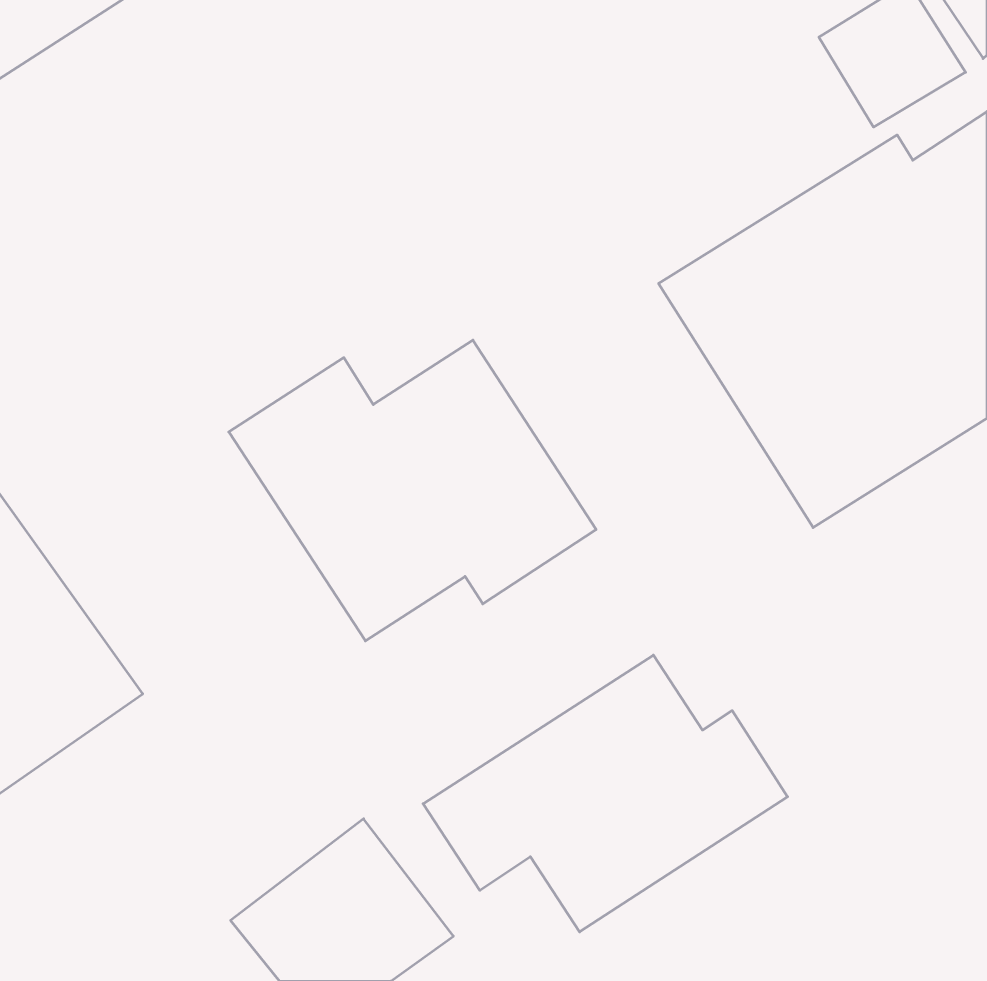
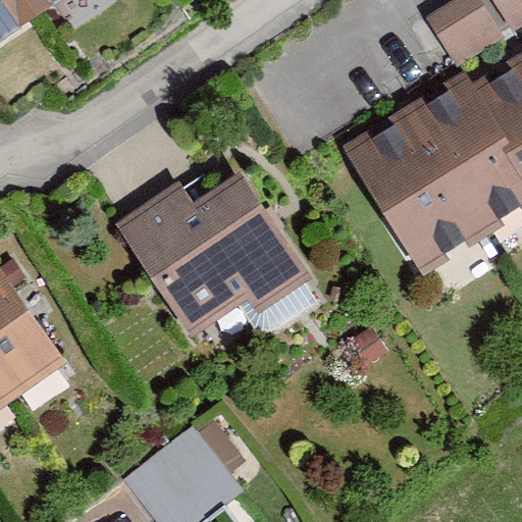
building: [423,655,788,932] -> none

